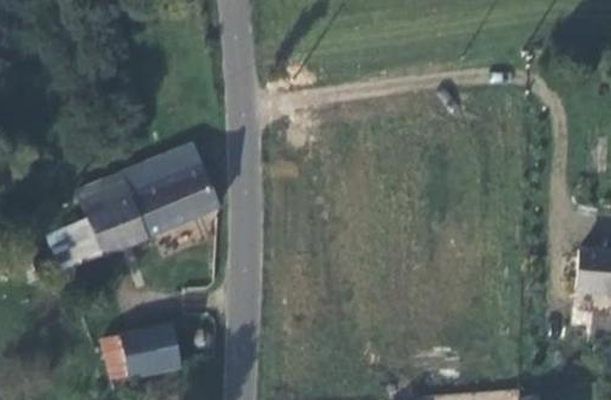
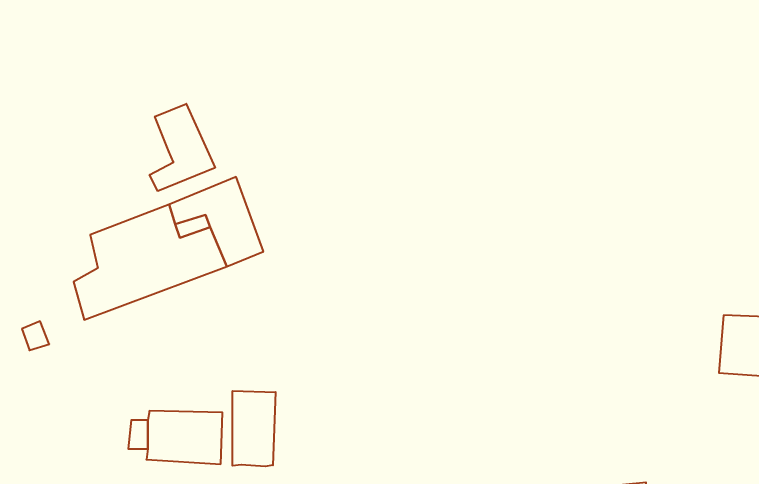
building: none -> [150,104,215,191]
building: none -> [232,391,276,466]

